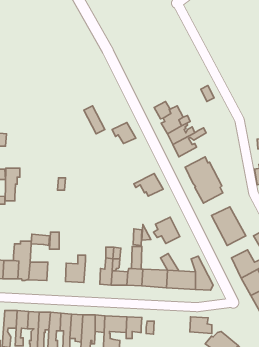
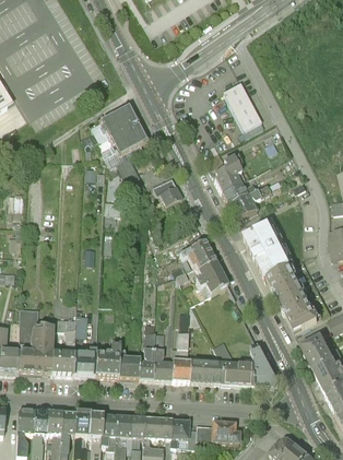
building: none -> [224,82,260,128]
building: none -> [99,104,147,154]
building: [5,168,20,201] -> [17,308,36,349]
building: none -> [267,264,298,293]
building: [154,217,180,244] -> [194,260,227,293]
building: none -> [117,349,139,378]
building: none -> [71,351,95,375]
building: [190,317,212,334] -> [211,422,238,443]

